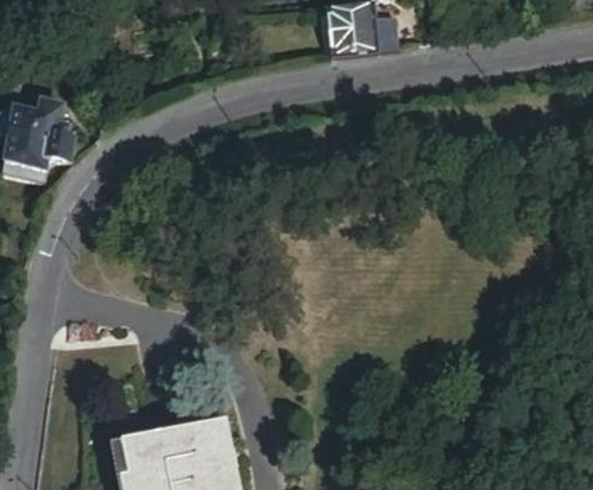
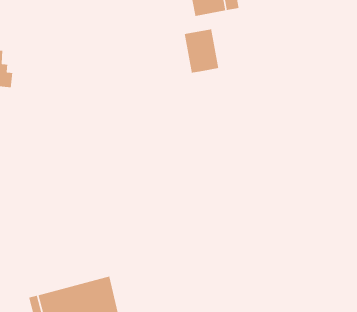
building: none -> [184,29,219,73]

